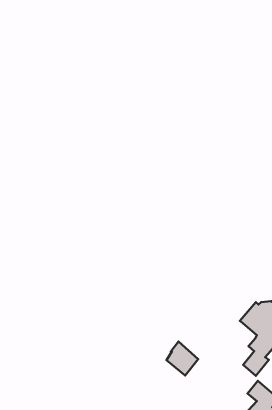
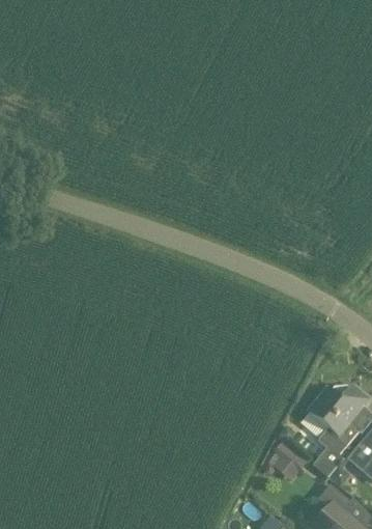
building: [167,341,198,375] -> [267,439,306,480]

